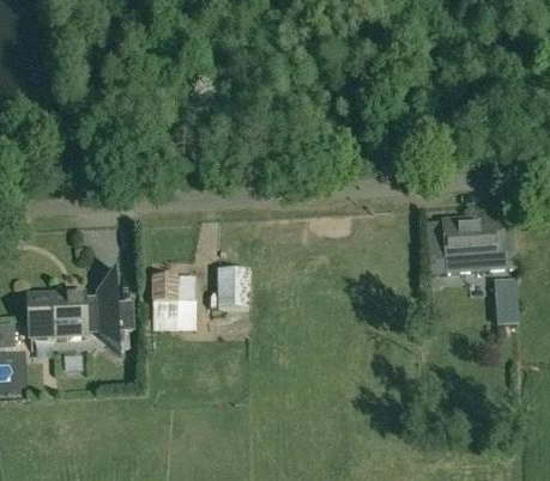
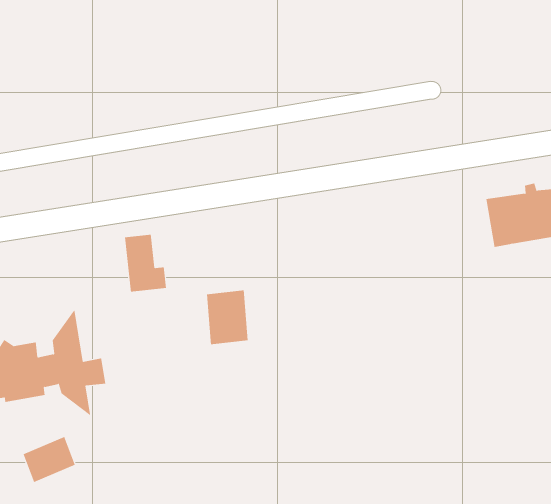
building: [153,278,182,321] -> [124,234,167,292]
building: none -> [23,436,76,483]

